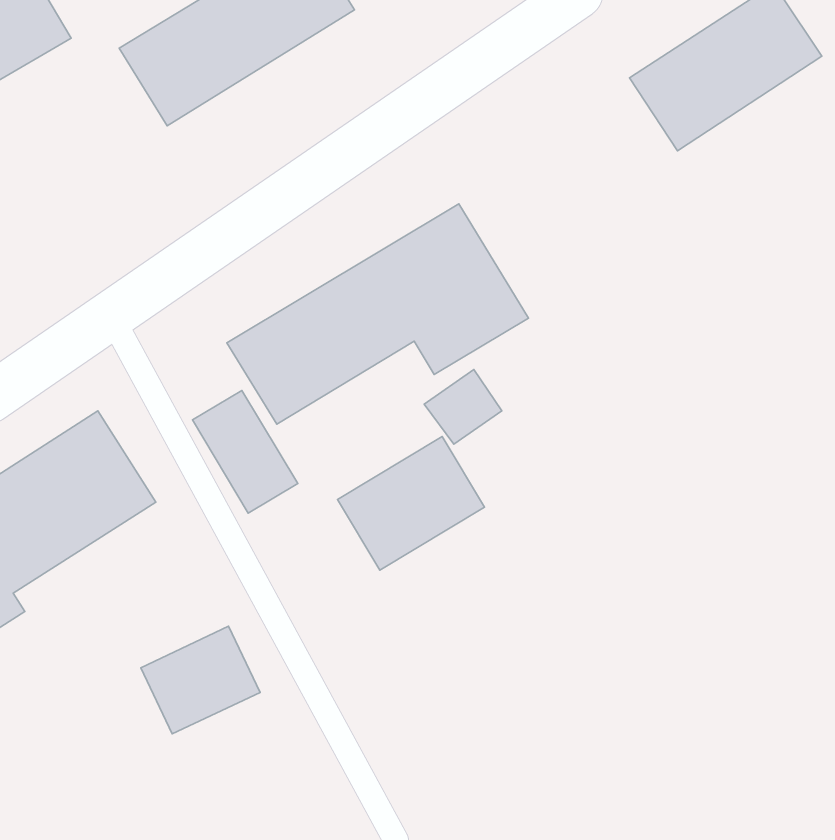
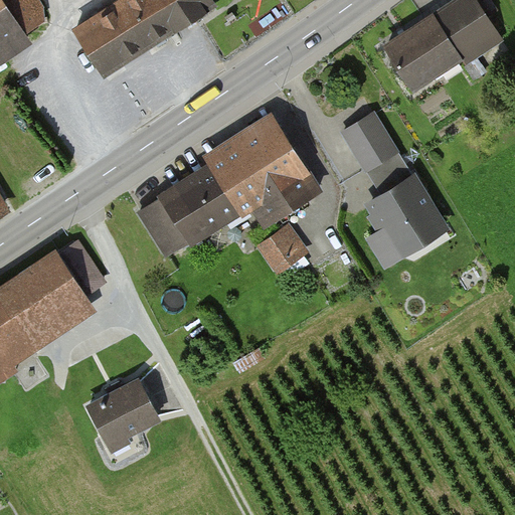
building: none -> [341,110,448,271]
building: [192,391,298,513] -> none
building: [338,437,484,570] -> none

